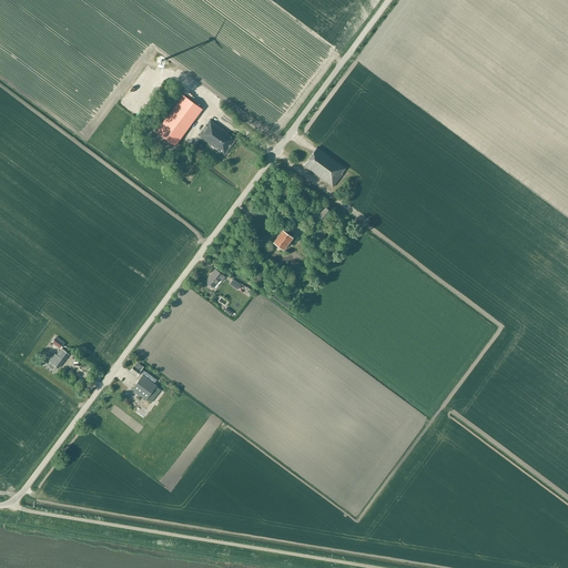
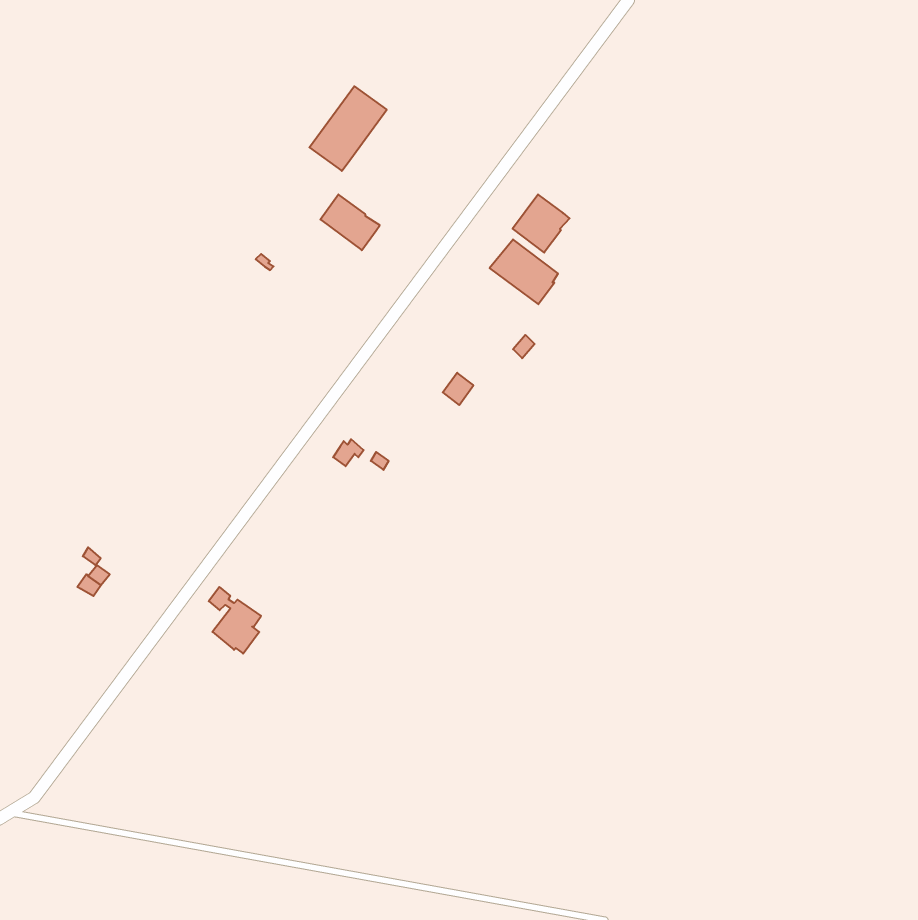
building: [154,94,202,146] -> [309,86,387,171]
building: none -> [513,194,570,253]

